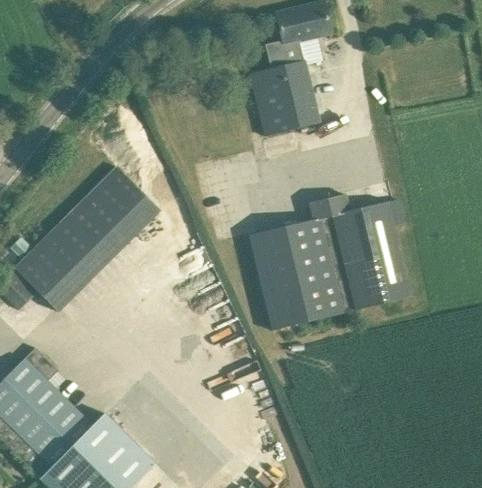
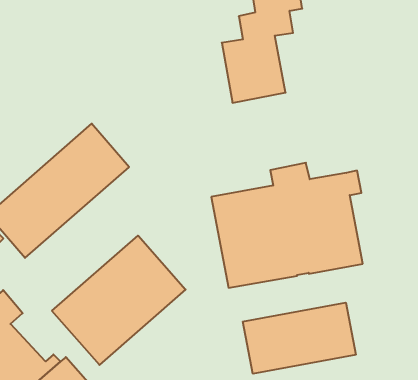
building: none -> [52,236,186,365]
building: none -> [243,303,356,374]

